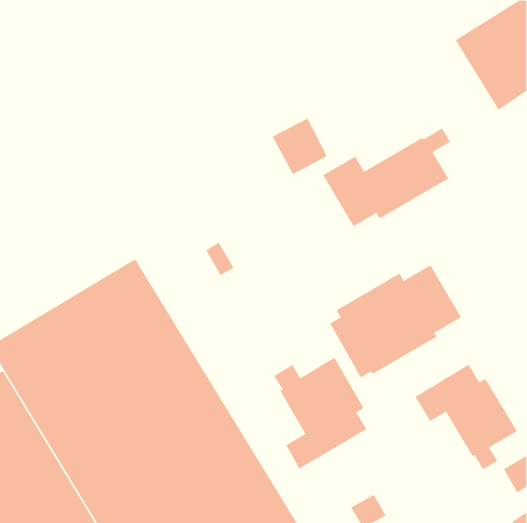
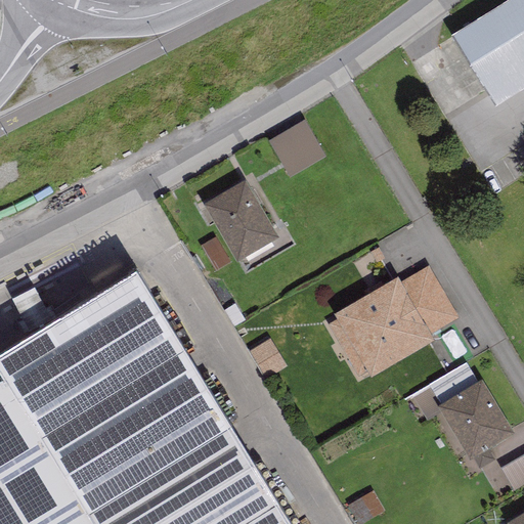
building: [323,127,451,227] -> none
building: none -> [204,180,277,261]
building: [273,357,367,469] -> none

